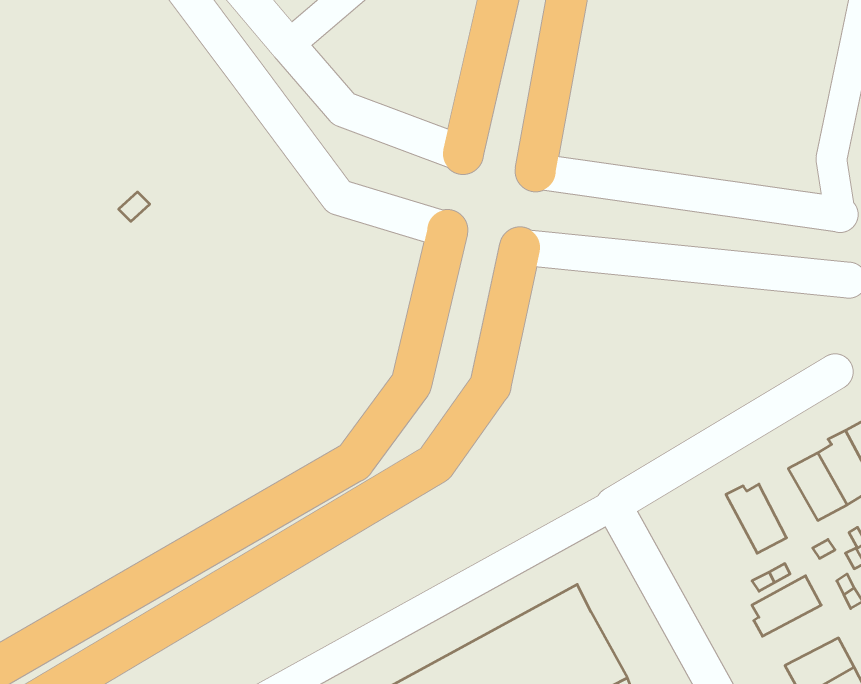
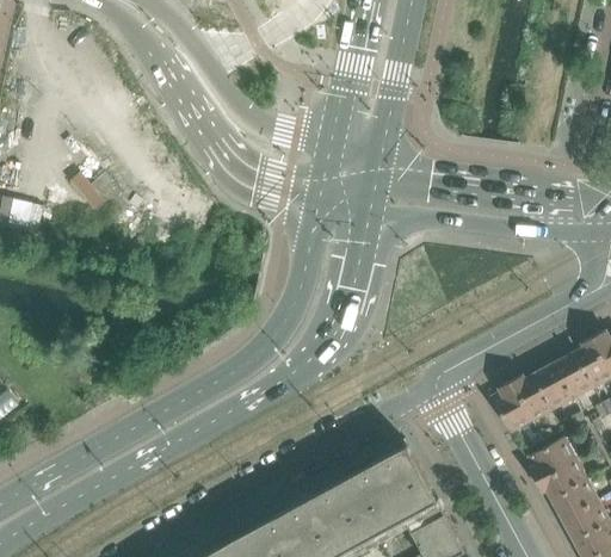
building: none -> [532,364,573,411]
building: none -> [490,382,531,439]
building: none -> [535,458,587,500]

